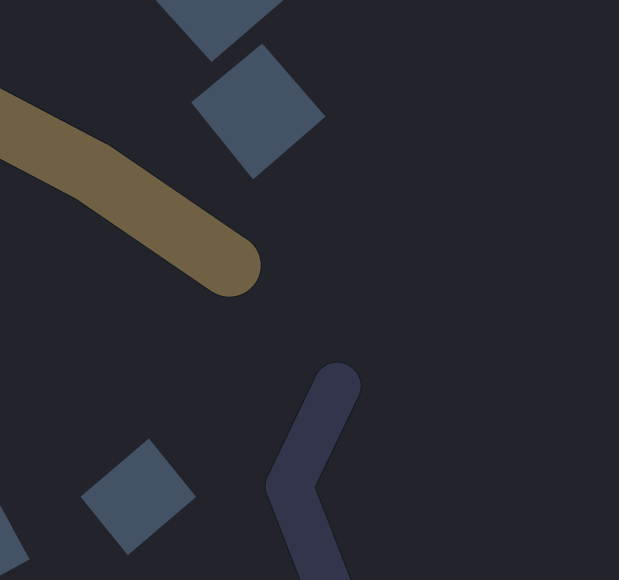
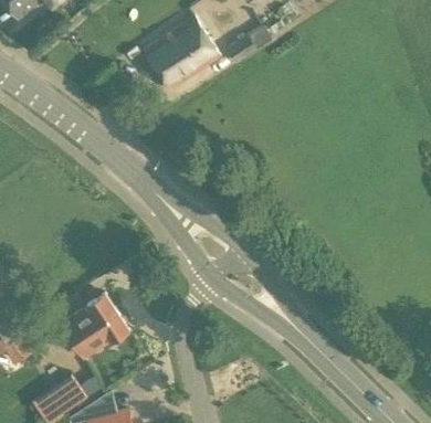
building: [190,42,327,181] -> none

